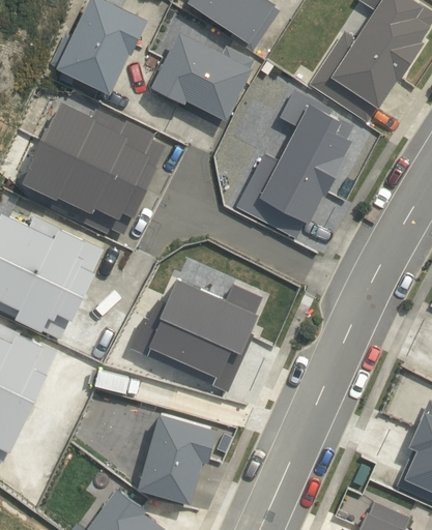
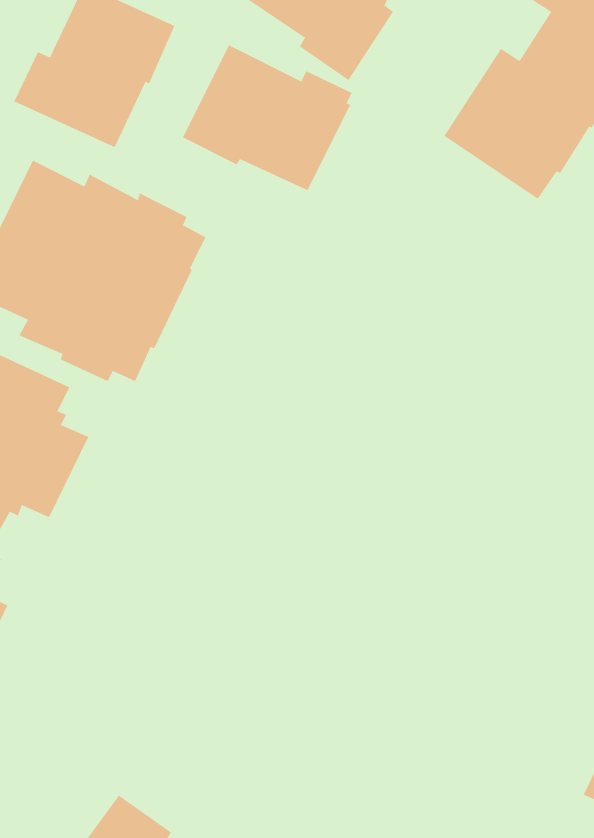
building: [236,91,355,240] -> none
building: [126,275,260,387] -> none
building: [137,409,217,498] -> none

